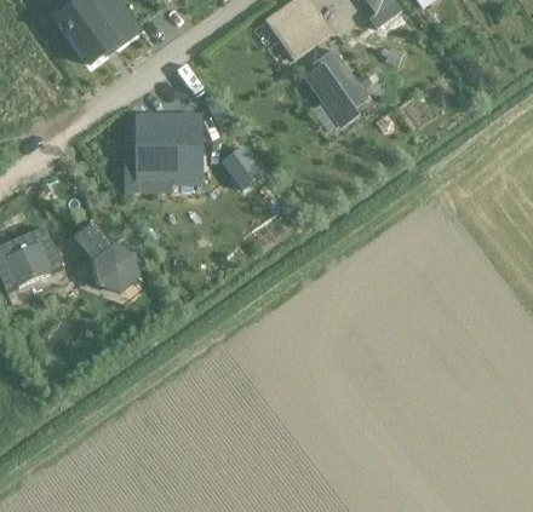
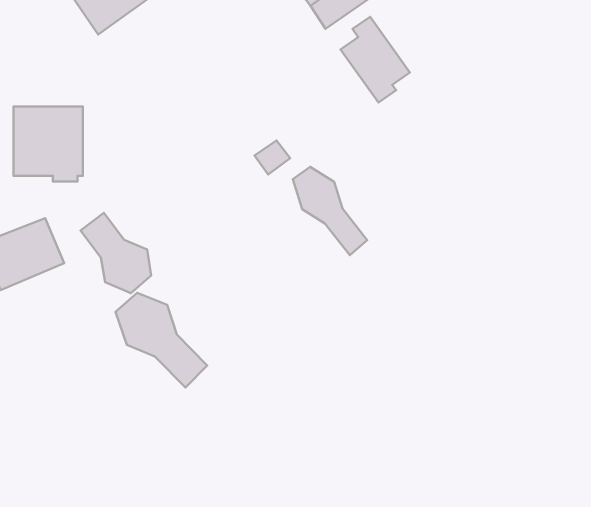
building: [137,115,199,182] -> [13,106,83,181]
building: none -> [293,167,367,255]
building: none -> [116,293,207,388]

